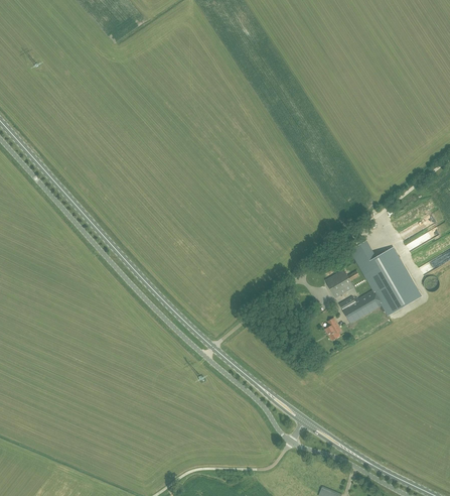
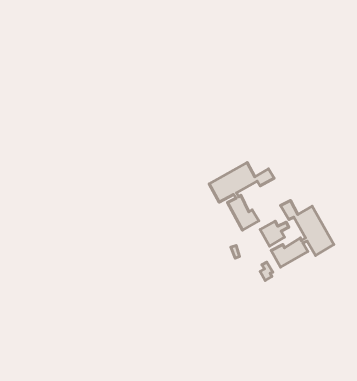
building: none -> [209,163,274,230]

